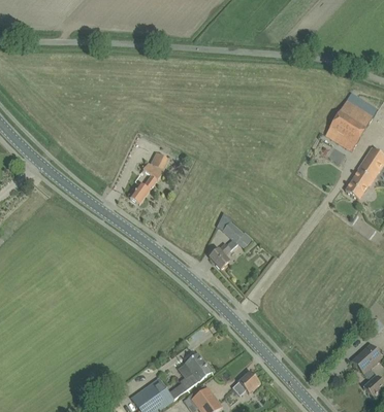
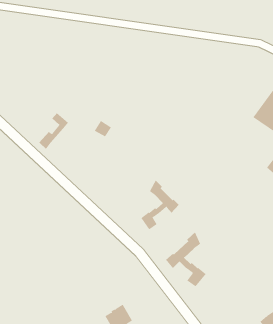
building: [130,162,162,204] -> [39,113,69,150]
building: none -> [165,232,206,287]

